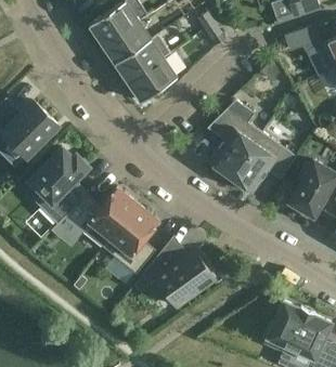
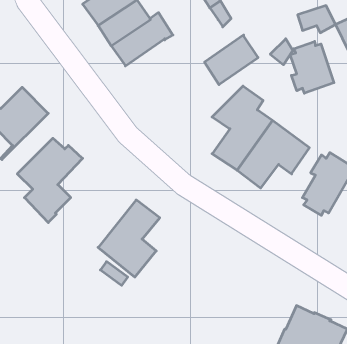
building: [128,57,177,103] -> [205,35,258,85]
building: none -> [290,41,334,93]
building: [64,187,138,248] -> none
building: [134,245,215,307] -> none

